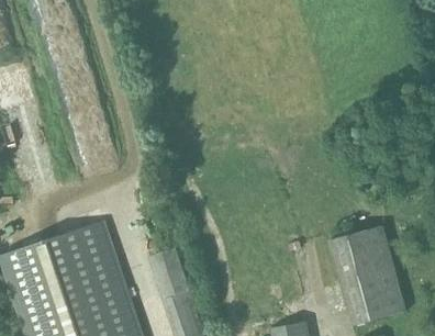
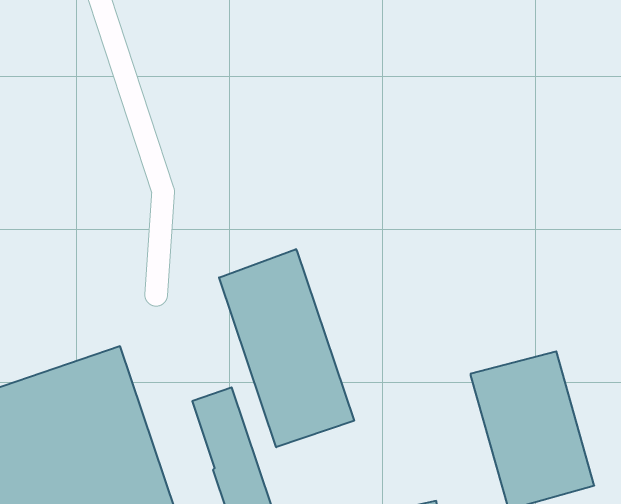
building: none -> [219,249,354,447]

